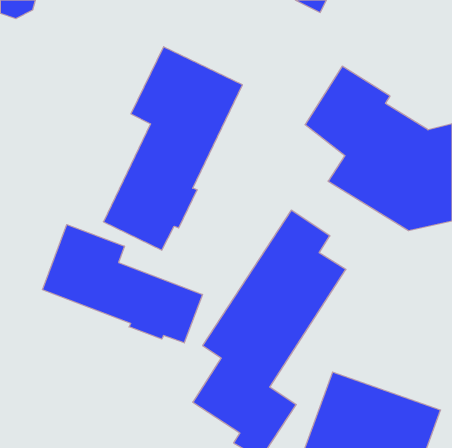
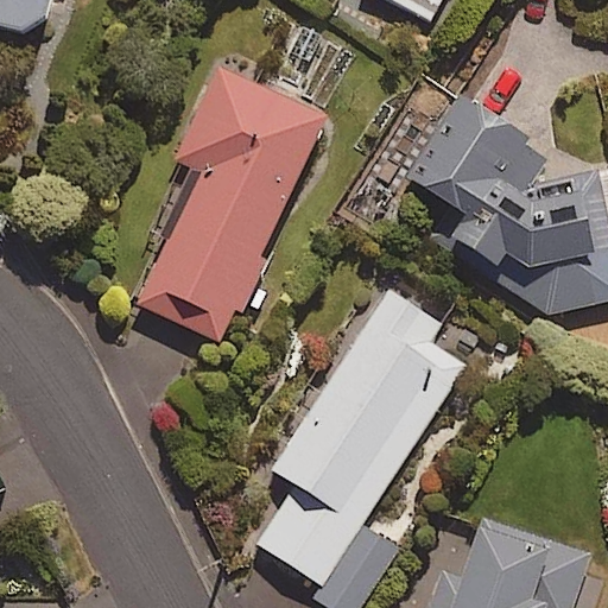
building: [42,225,202,343] -> none

